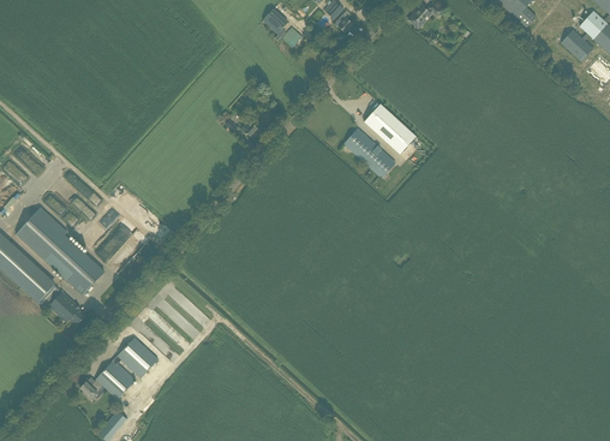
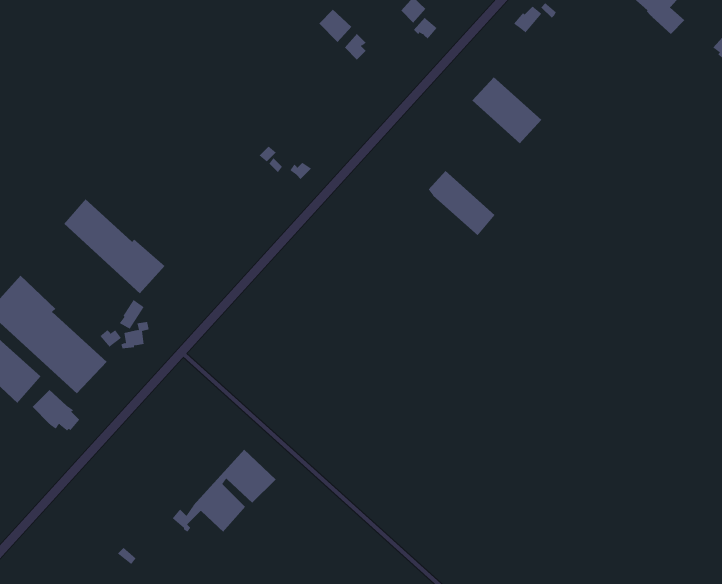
building: [364,102,417,153] -> [471,76,542,144]
building: none -> [63,199,166,294]
building: [80,335,159,398] -> [172,449,276,533]

